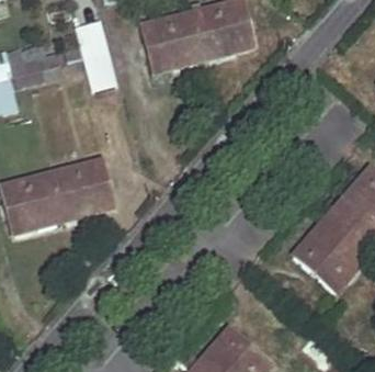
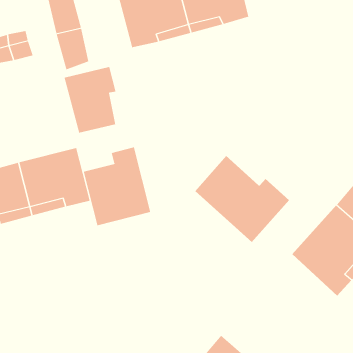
building: none -> [64,66,116,134]
building: none -> [83,147,151,226]
building: none -> [194,155,290,243]

